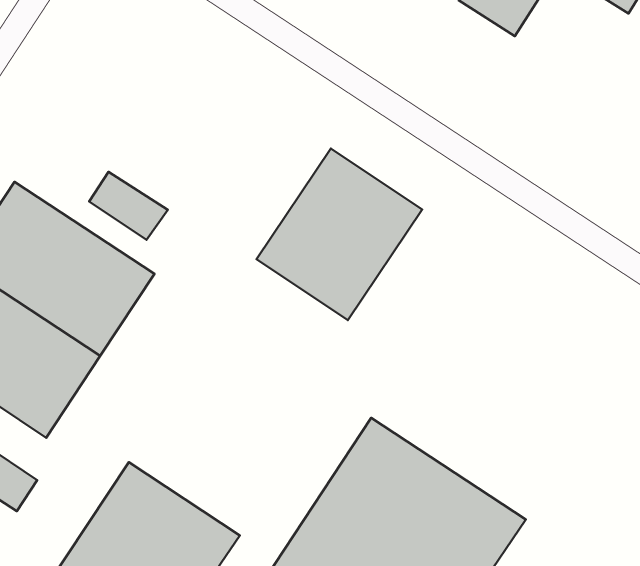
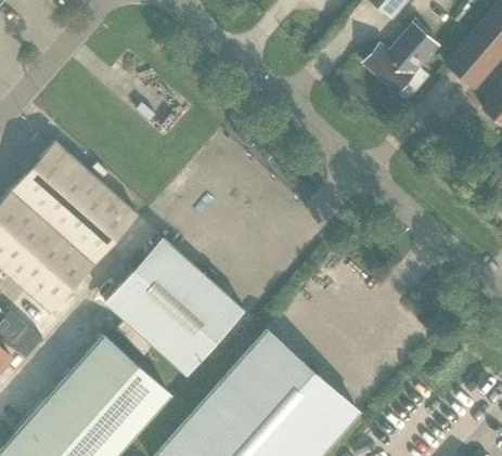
building: [257,149,422,320] -> none
building: [89,172,168,240] -> none
building: none -> [105,238,245,376]

